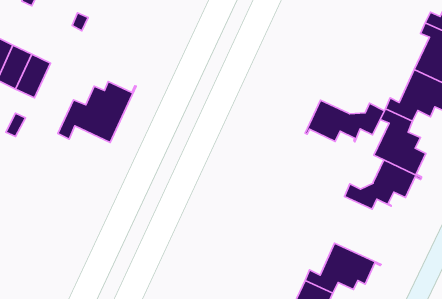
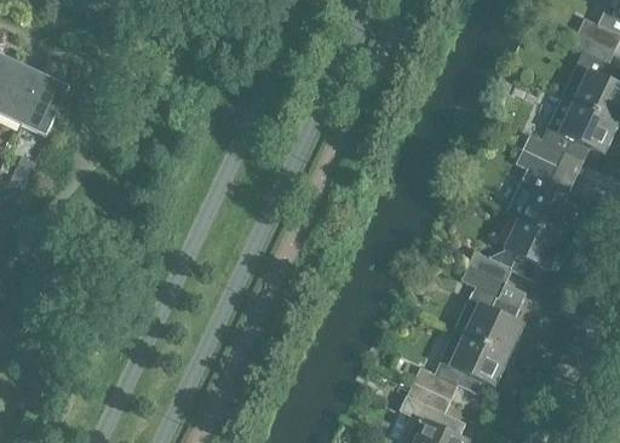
building: [58,82,136,143] -> none
building: [305,100,385,142] -> none
building: none -> [455,267,524,359]

